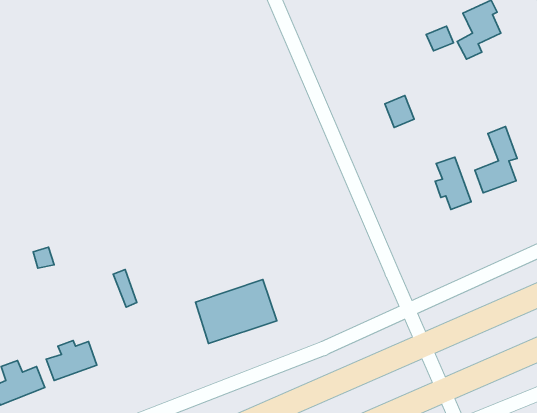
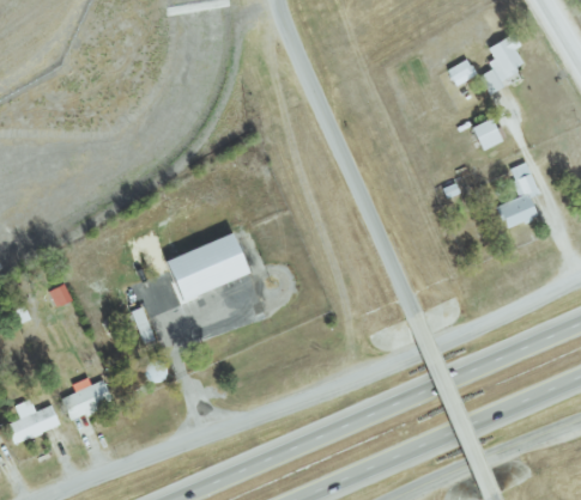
building: [385,96,414,127] -> [472,117,502,150]
building: [435,157,471,210] -> none
building: [195,280,277,343] -> [164,234,247,299]

